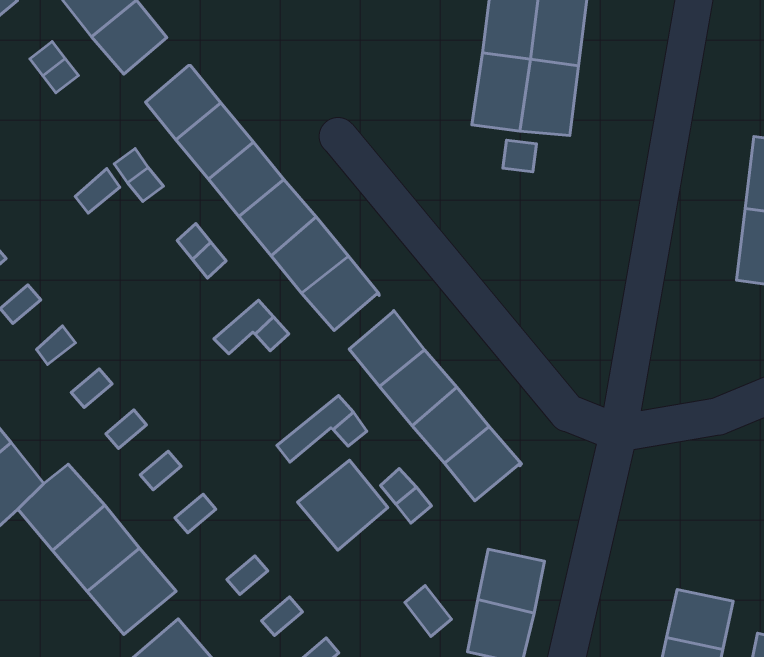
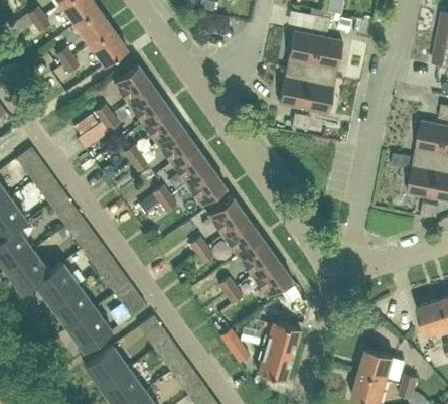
building: [298,460,388,550] -> none

